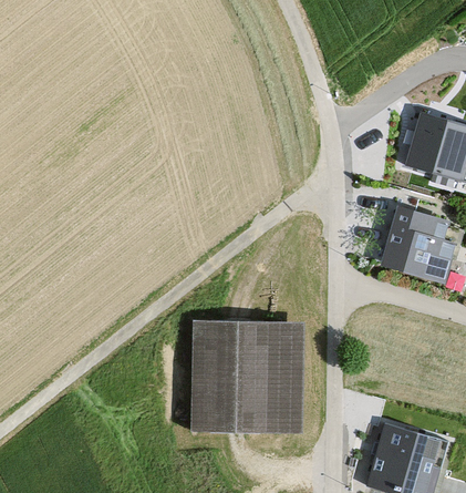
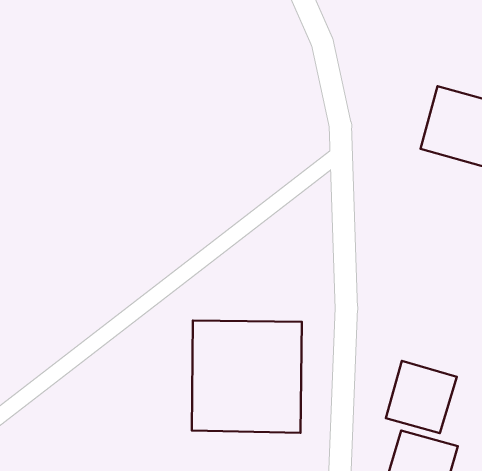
building: [373,207,455,288] -> none
building: none -> [386,361,457,433]

